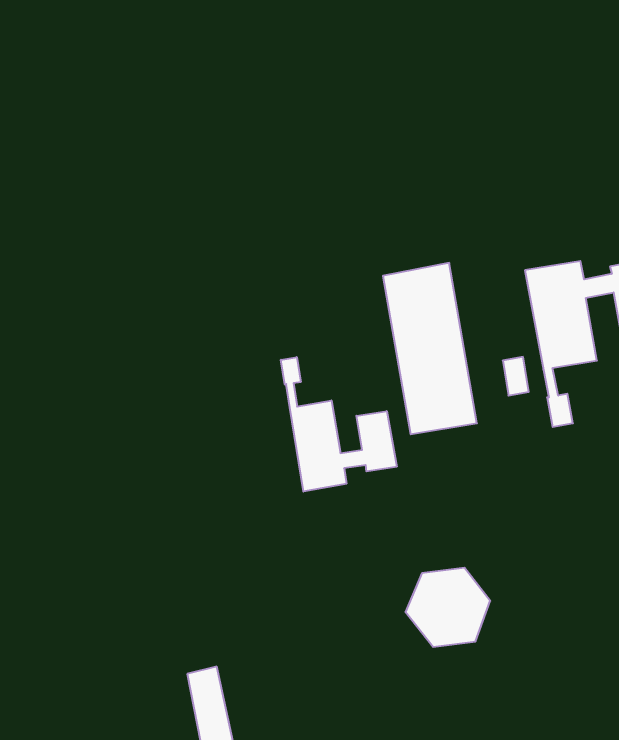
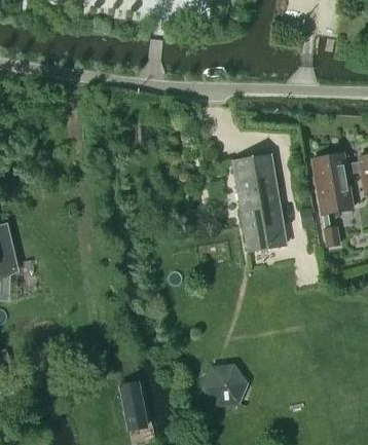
building: [281,357,397,492] -> none
building: [405,568,490,647] -> [201,364,249,408]

